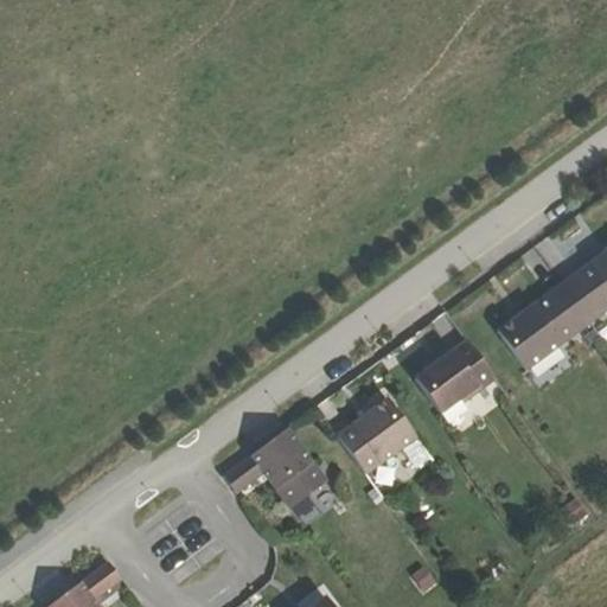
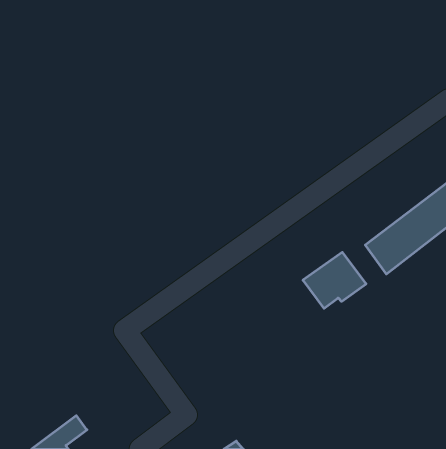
building: [337,398,417,474] -> none
building: [224,427,330,507] -> none

